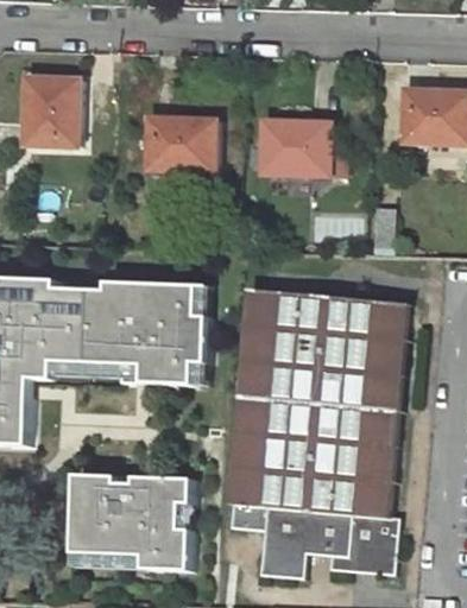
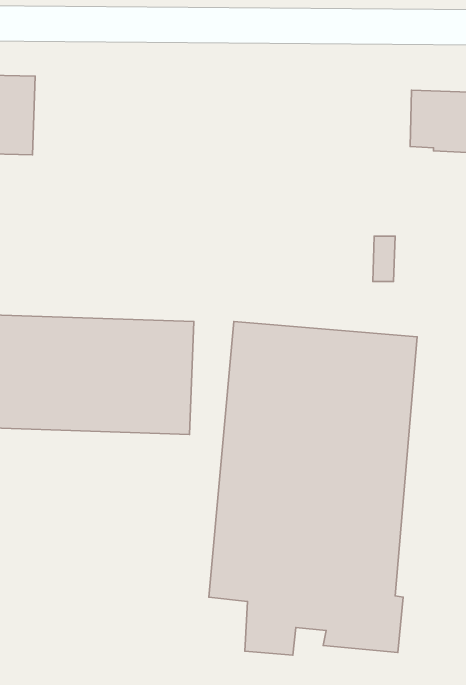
building: [143,116,213,170] -> none
building: [258,119,328,172] -> none
building: [75,477,196,571] -> none

